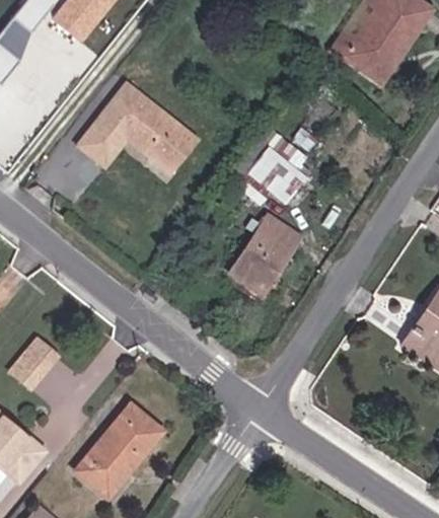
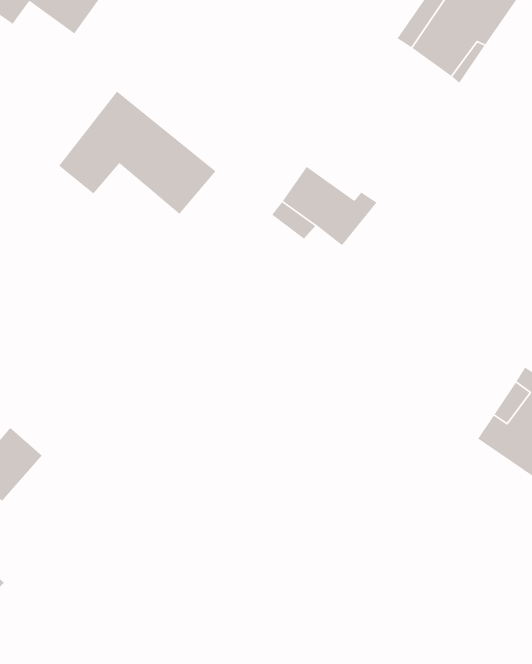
building: [232,215,305,295] -> none
building: [76,402,165,490] -> none

